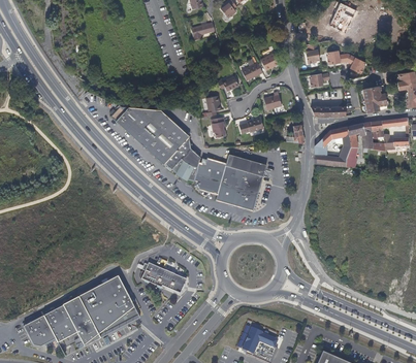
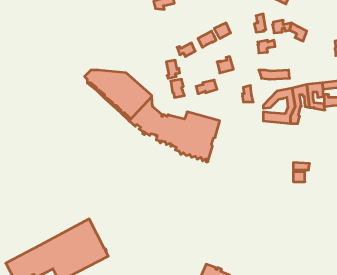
building: [362,86,387,112] -> none
building: [140,262,186,293] -> none

